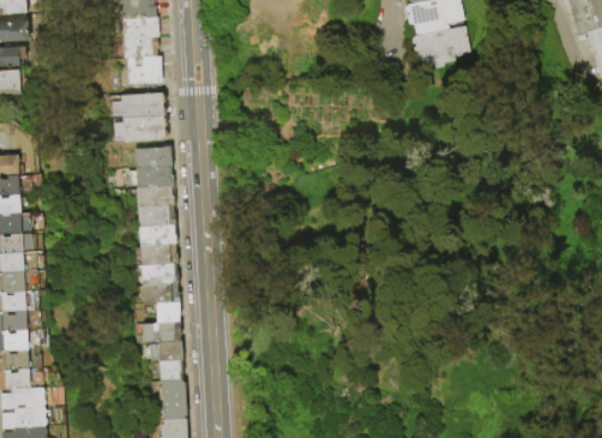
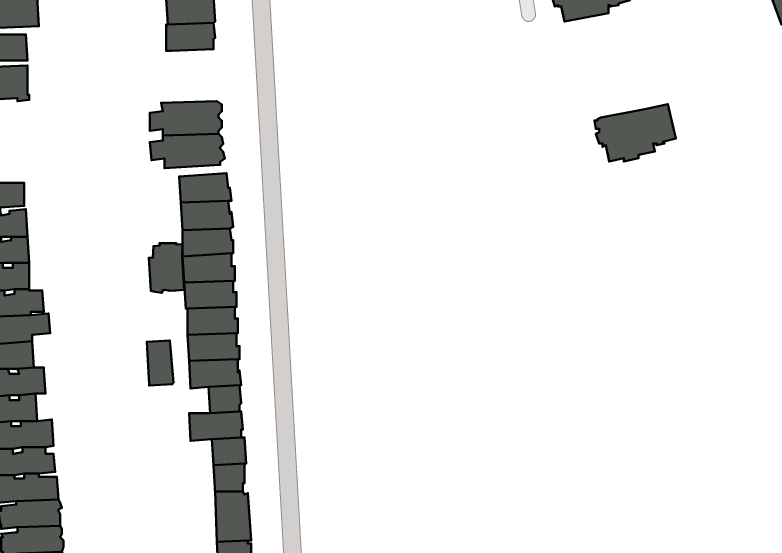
building: [411,24,471,66] -> [594,104,676,161]
building: [127,54,163,82] -> none
building: none -> [149,243,184,293]
building: none -> [147,340,174,386]

